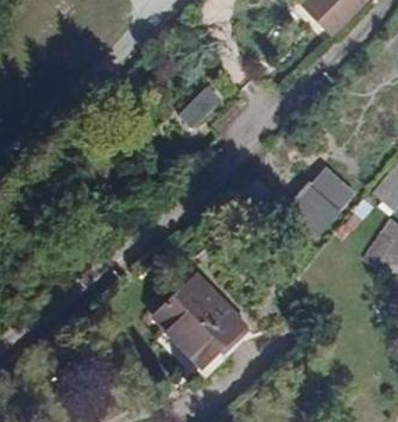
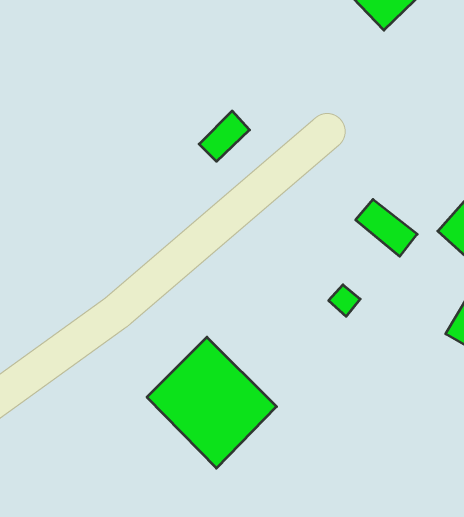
building: [286,181,342,235] -> none

